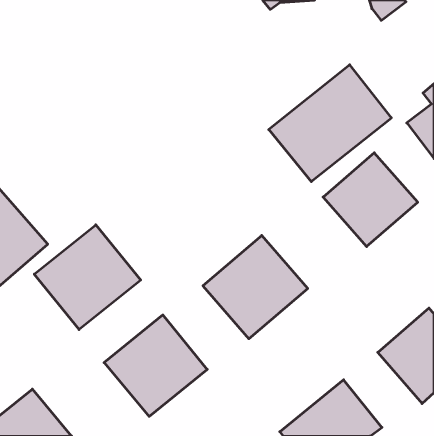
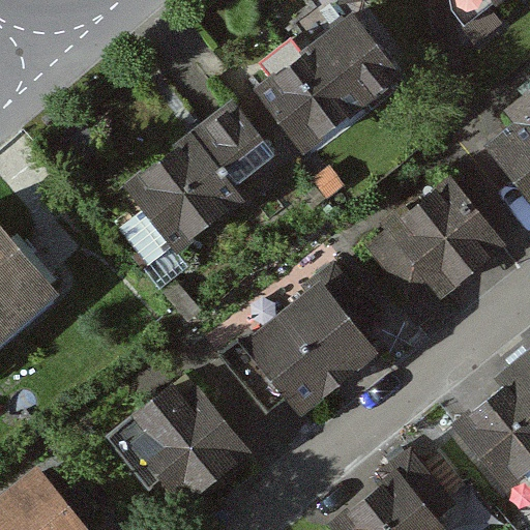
building: [269,65,391,182] -> [251,10,400,152]
building: none -> [121,97,285,253]
building: [34,225,141,330] -> none

